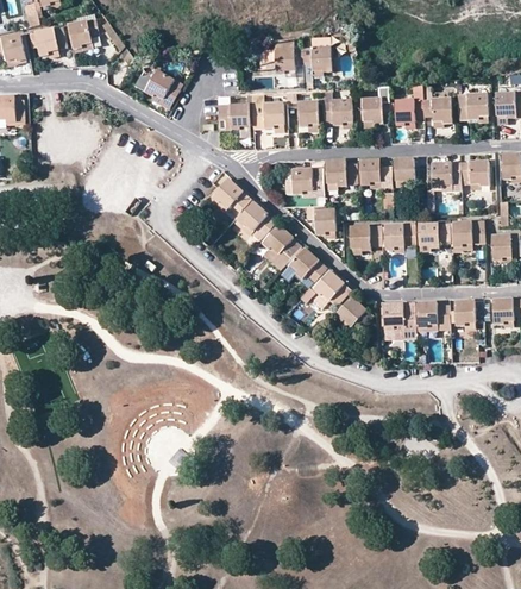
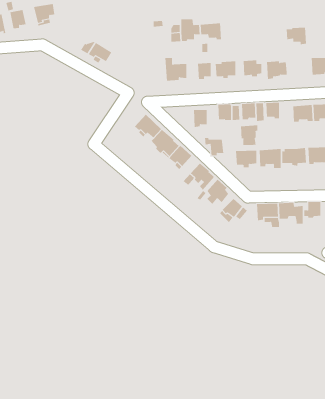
building: [422,99,452,124] -> [286,27,307,45]
building: [216,105,247,130] -> none
building: none -> [241,125,258,146]

